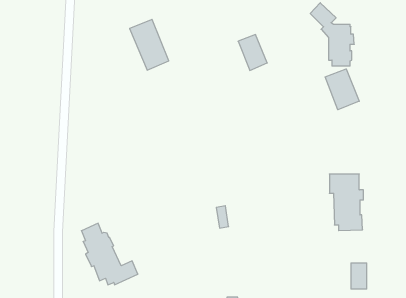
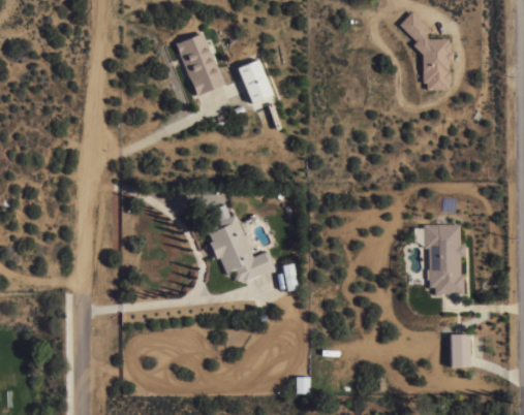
building: [238,35,267,70] -> [237,60,273,104]
building: [325,69,359,110] -> none
building: [81,223,138,285] -> [204,204,274,281]

